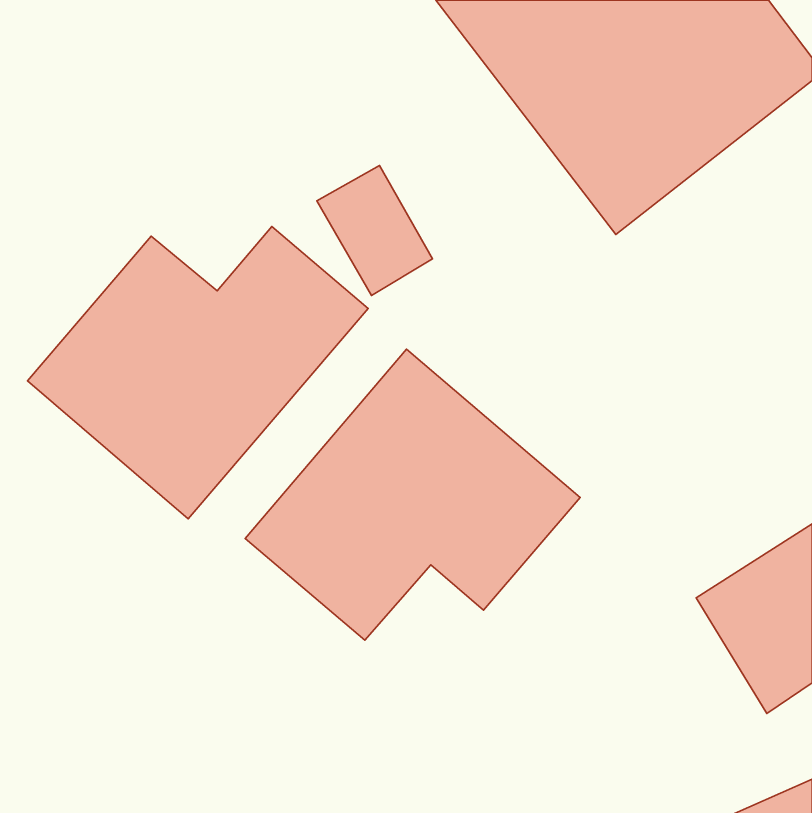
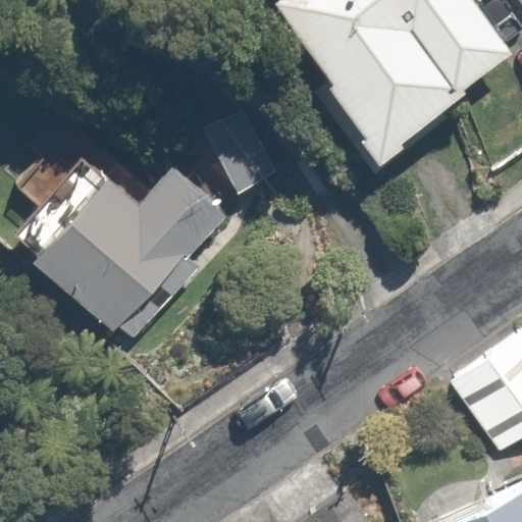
building: [245,349,580,640] -> none

